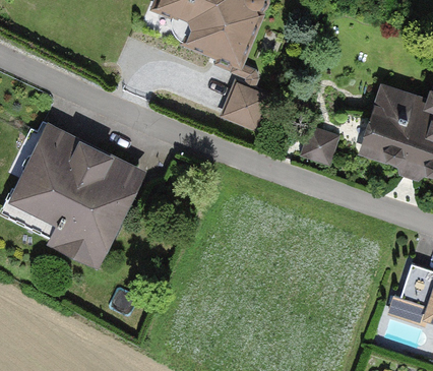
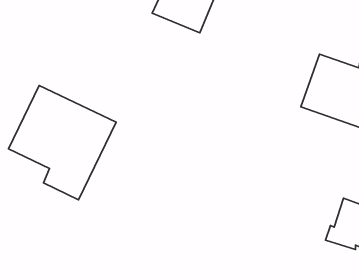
building: [223,84,268,129] -> none
building: [303,128,338,164] -> none

